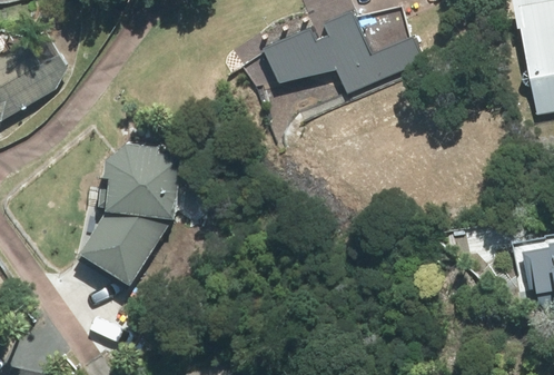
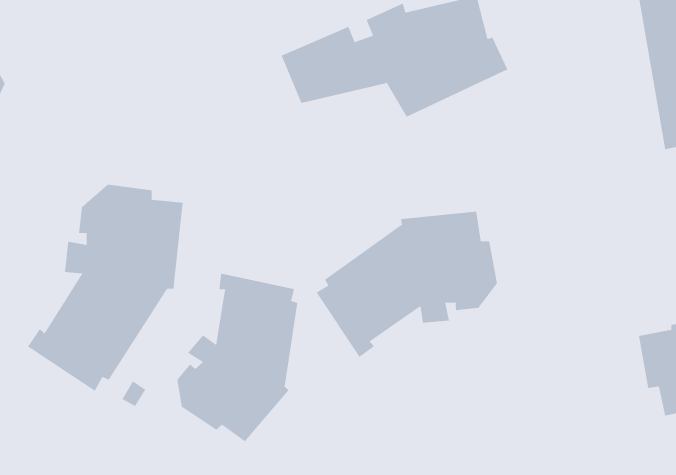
building: none -> [316,211,497,358]
building: none -> [177,273,298,442]

